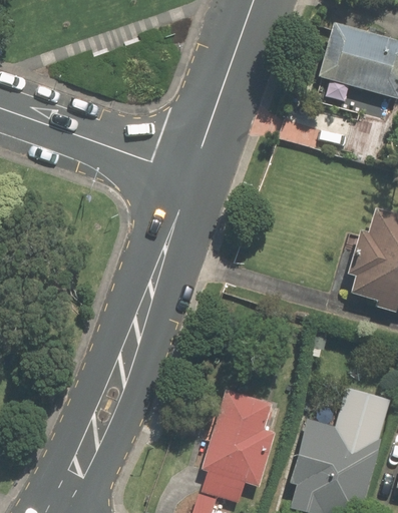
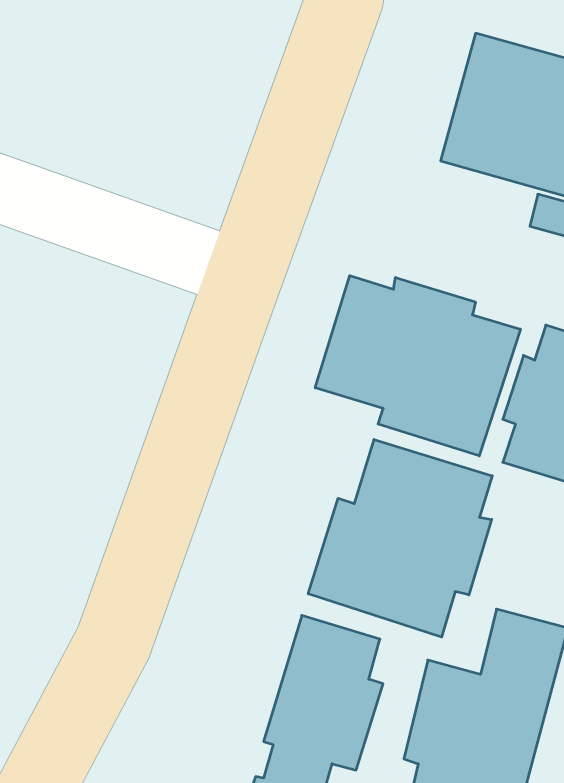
building: none -> [315,276,520,456]
building: none -> [308,439,492,637]

